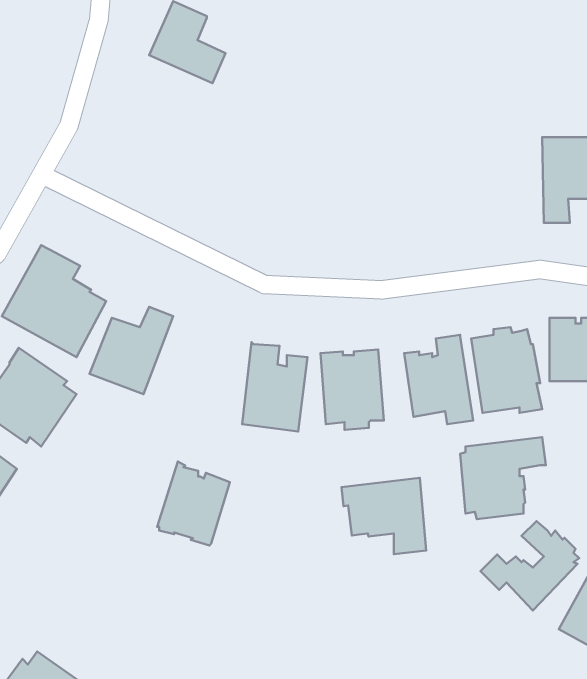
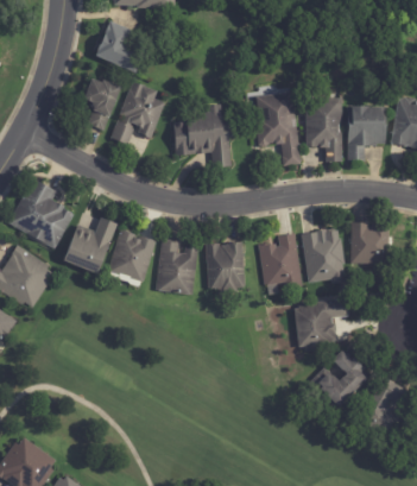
building: none -> [83,78,121,131]
building: none -> [110,81,165,145]
building: none -> [249,89,296,164]
building: none -> [307,97,343,162]
building: none -> [173,103,234,168]
building: [157,462,230,546] -> [108,228,154,282]
building: [341,478,426,554] -> none

